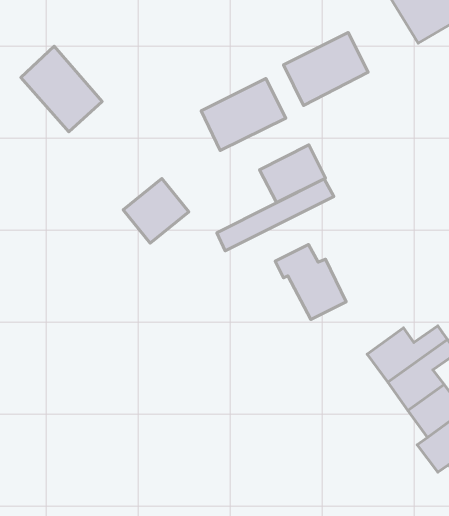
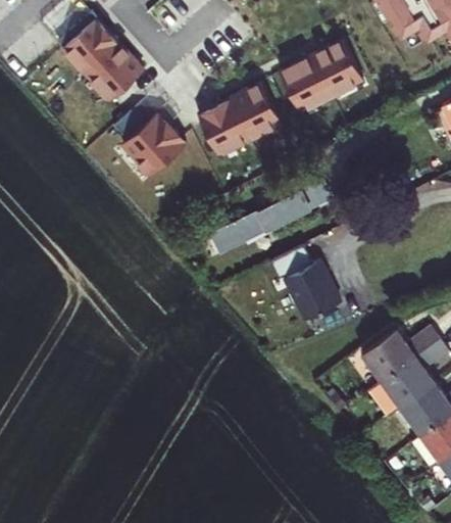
building: [21,46,102,132] -> [63,18,143,102]
building: [259,145,326,203] -> none
building: [123,178,189,243] -> [126,110,190,174]

